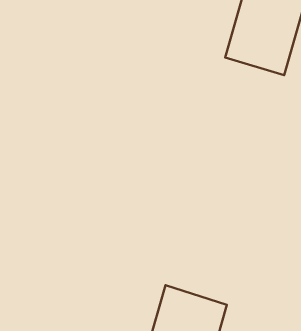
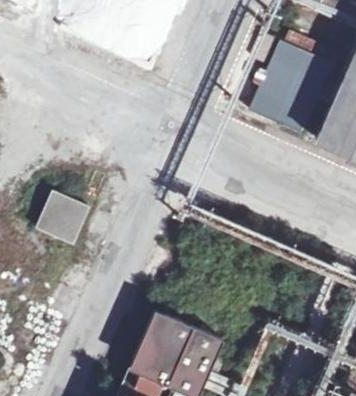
building: none -> [43,187,92,237]

